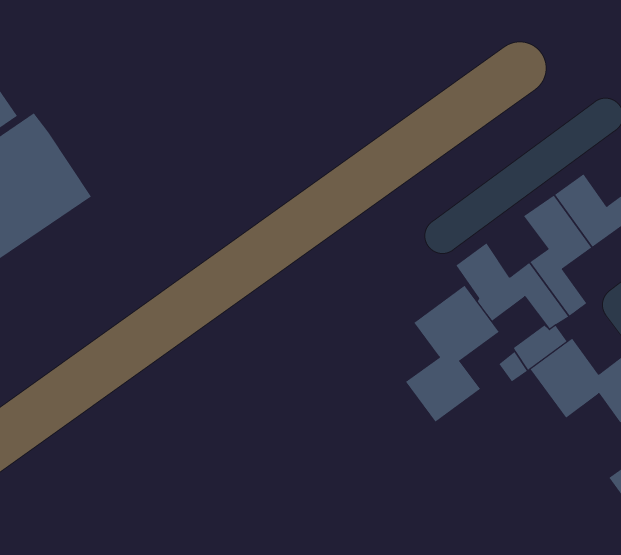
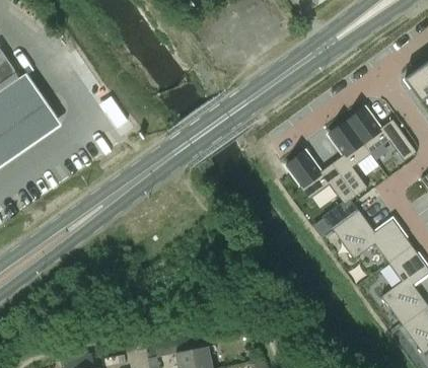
building: [405,285,500,423] -> none

